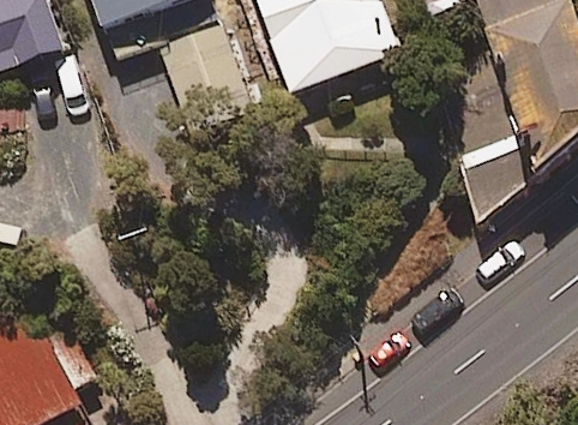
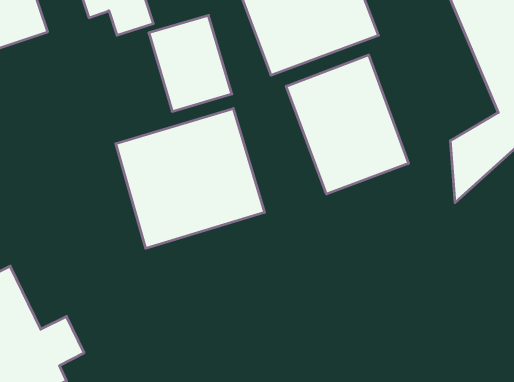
building: none -> [286,55,408,194]
building: none -> [116,108,264,248]

